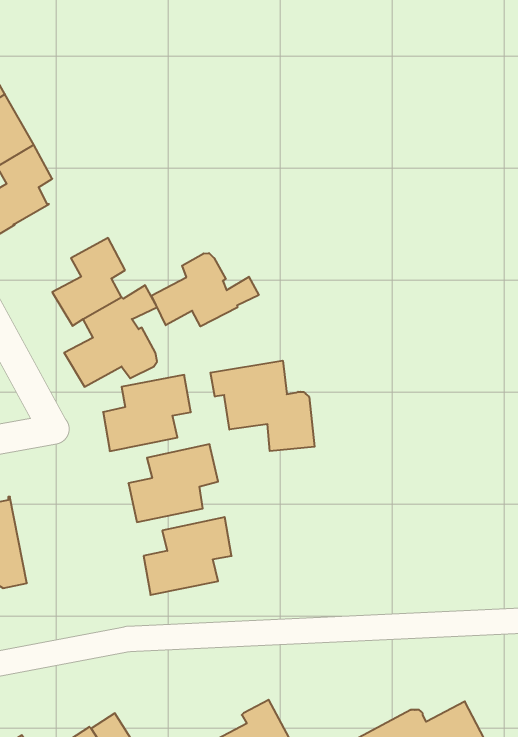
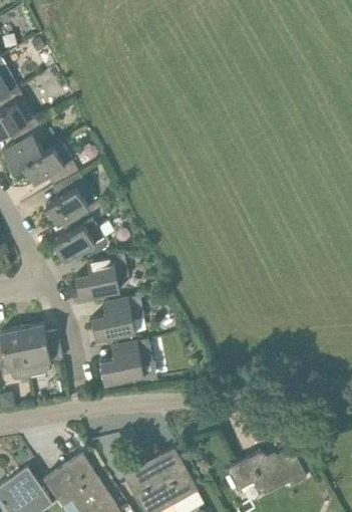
building: none -> [22,147,78,185]
building: [152,253,259,326] -> none
building: [210,361,315,451] -> none
building: none -> [20,324,62,377]

